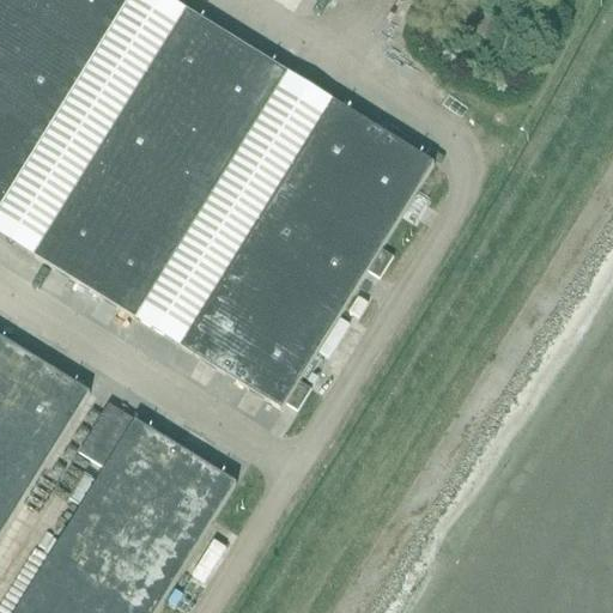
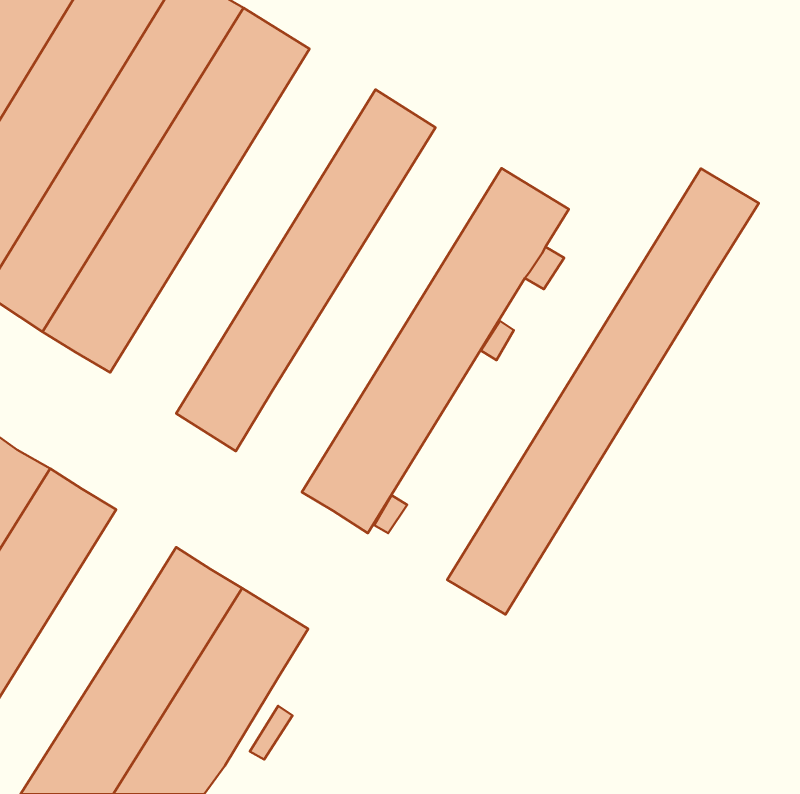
building: [84,37,286,315] -> none
building: [180,97,382,375] -> none
building: none -> [447,168,759,614]
building: [77,401,134,467] -> none

